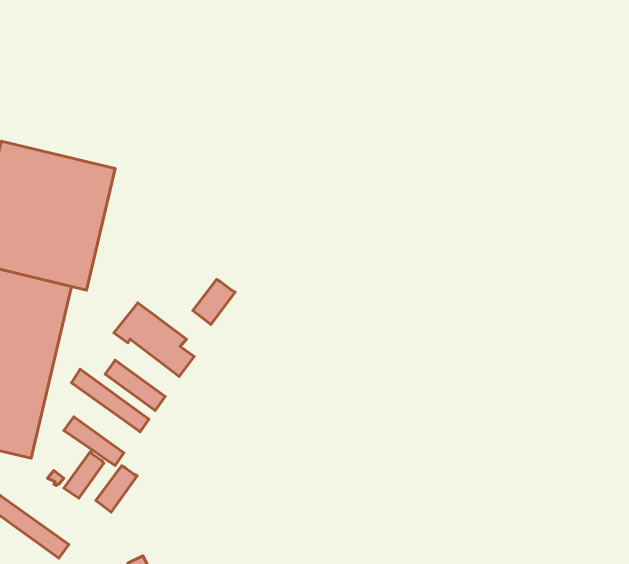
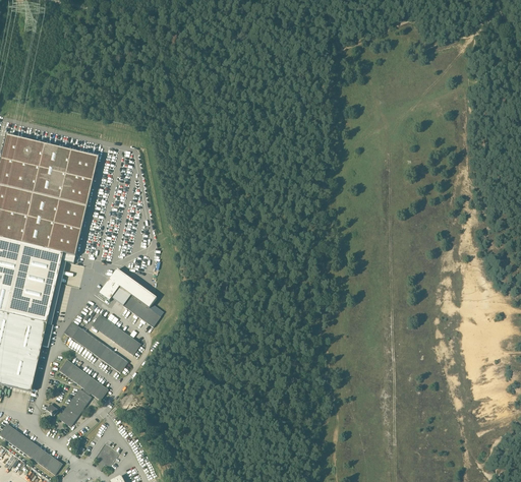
building: [193,279,235,325] -> none
building: [96,466,137,512] -> none

